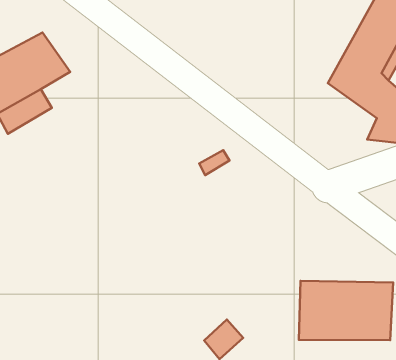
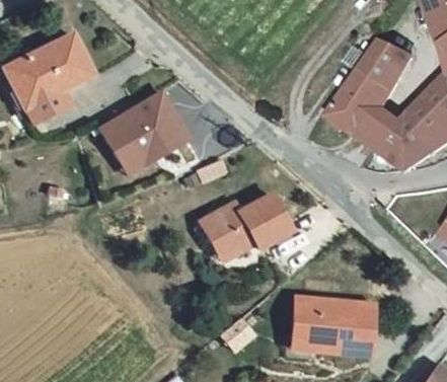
building: none -> [108,88,199,174]
building: none -> [206,186,288,255]

